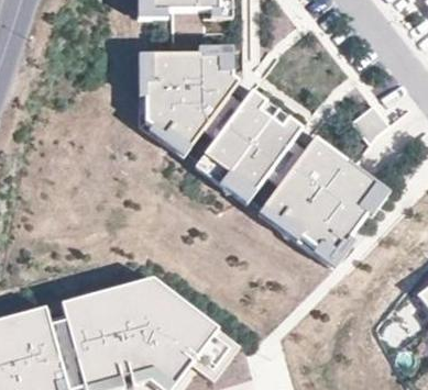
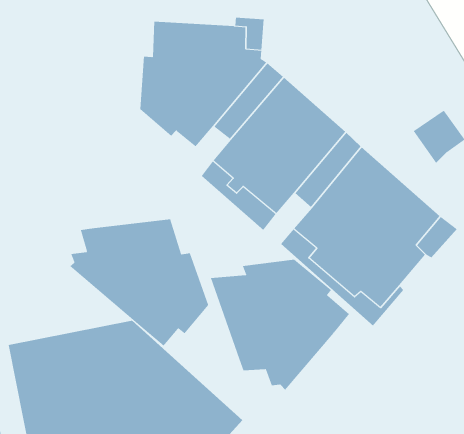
building: [138,54,189,156] -> none
building: none -> [69,219,209,346]
building: none -> [210,259,350,391]

